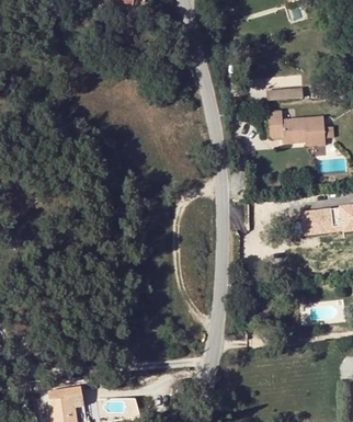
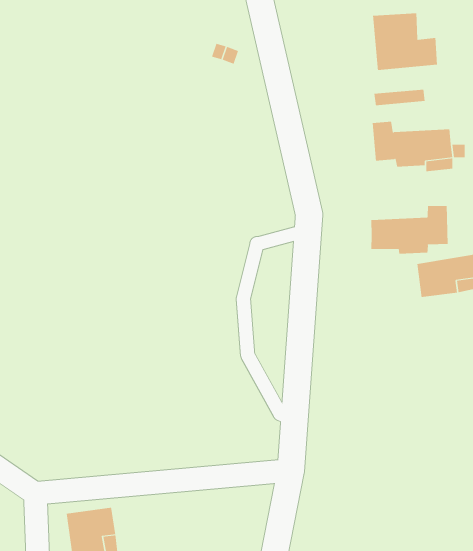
building: none -> [372,13,437,71]
building: none -> [371,205,448,255]

